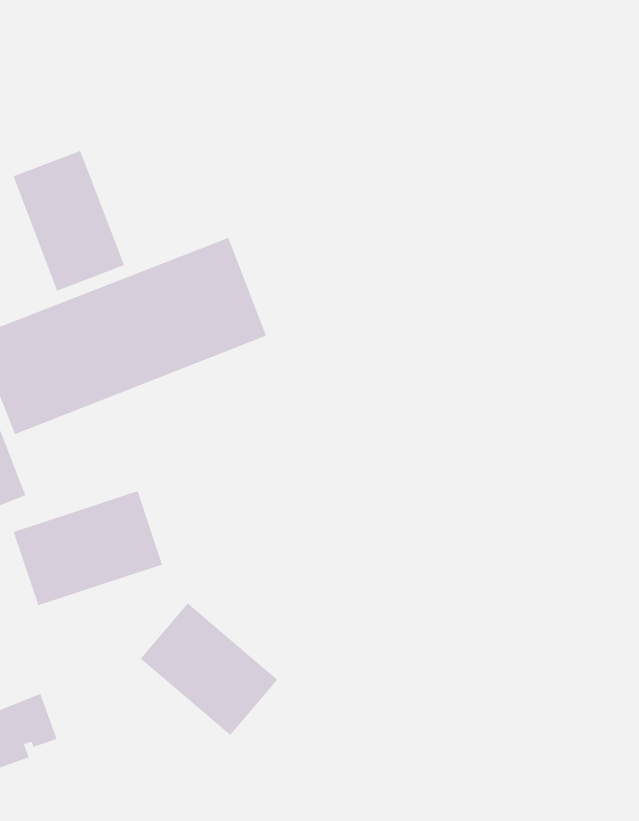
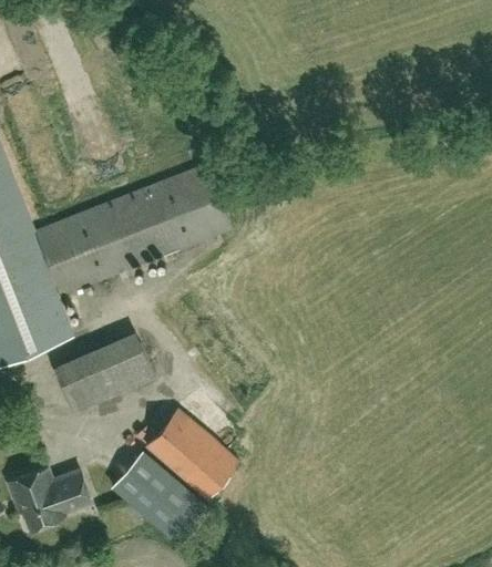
building: [13,150,125,291] -> none
building: none -> [110,451,208,545]

